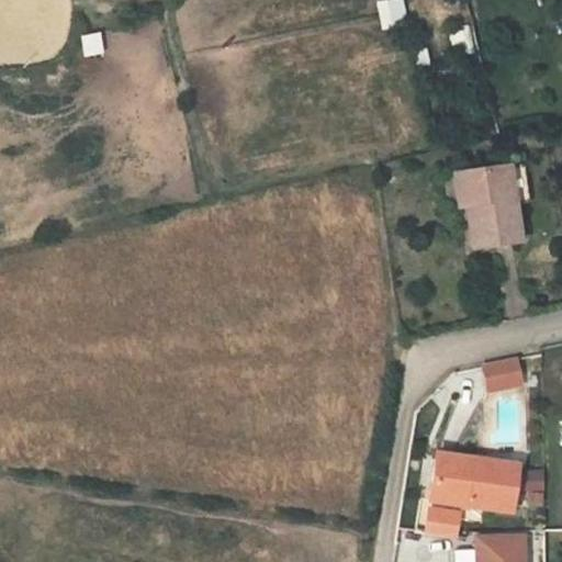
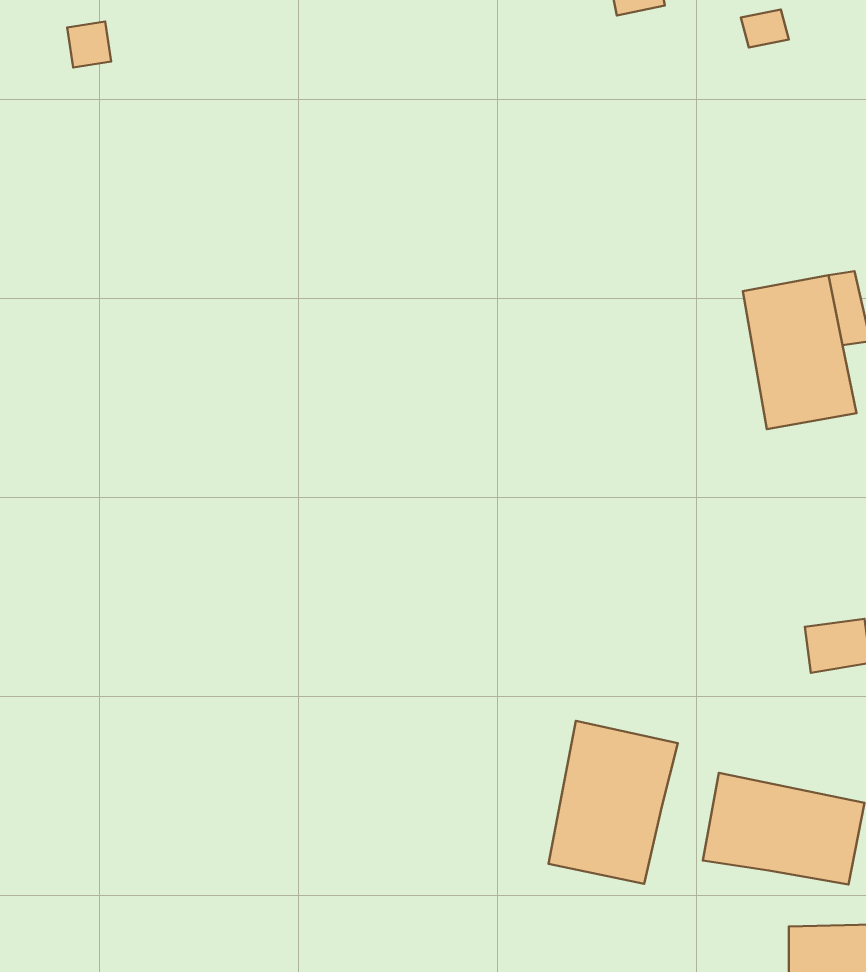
building: none -> [549,721,678,884]
building: [425,494,468,532] -> none

